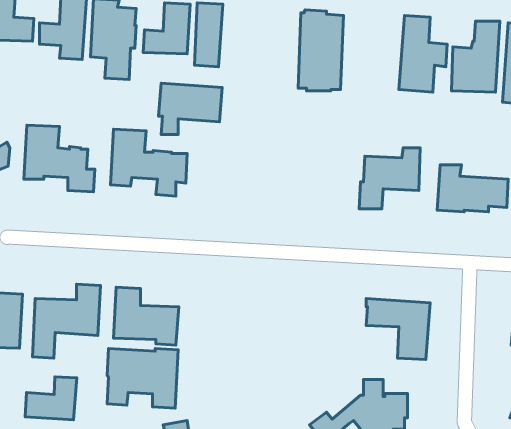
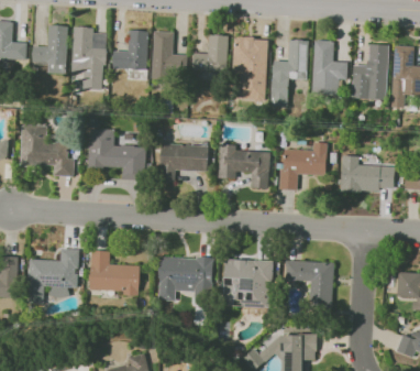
building: none -> [192,34,229,72]
building: none -> [270,40,309,106]
building: [158,83,222,134] -> [159,142,209,182]
building: none -> [219,144,269,188]
building: none -> [223,259,273,307]
building: [107,348,178,408] -> [158,257,213,303]
building: [25,377,77,420] -> none

